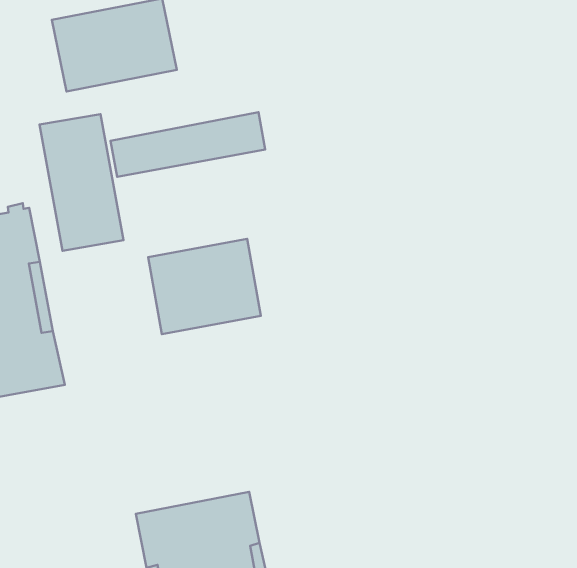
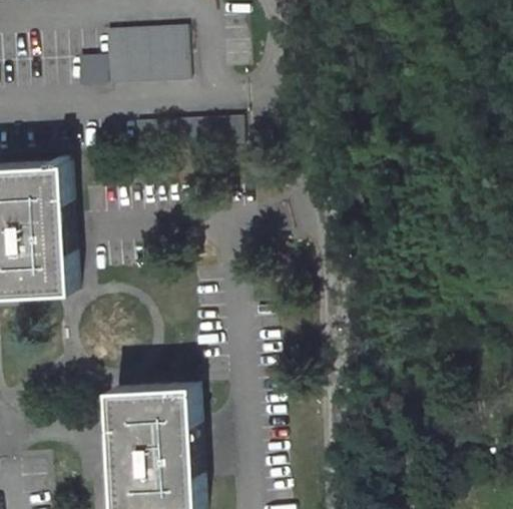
building: [39,114,124,251] -> none
building: [148,239,261,334] -> none

